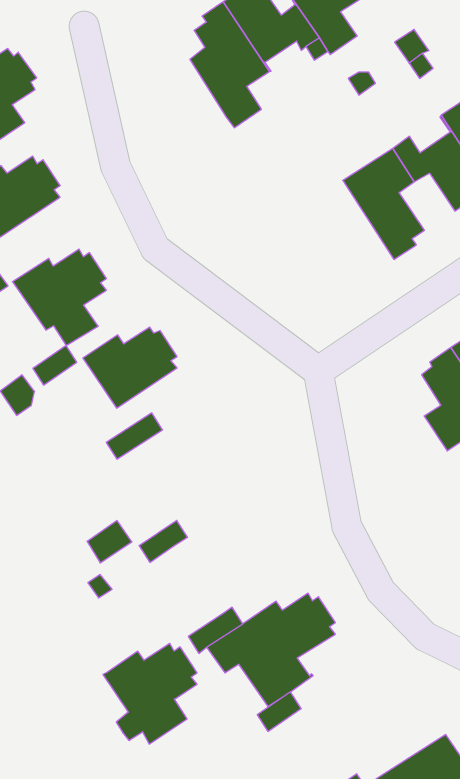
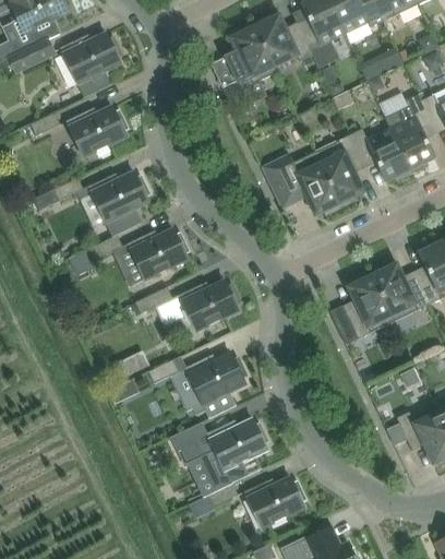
building: none -> [262,151,340,215]
building: none -> [179,281,241,331]
building: [103,643,197,744] -> [184,354,246,418]
building: none -> [244,477,305,527]

